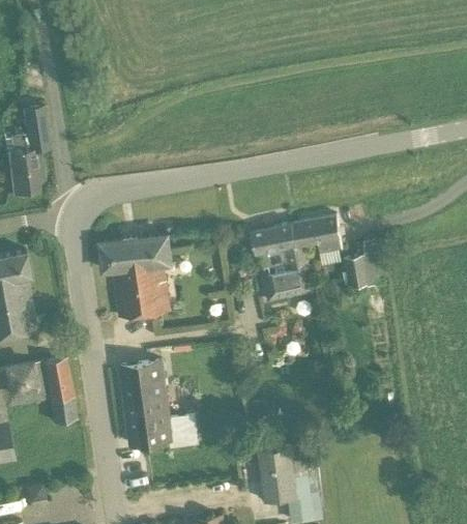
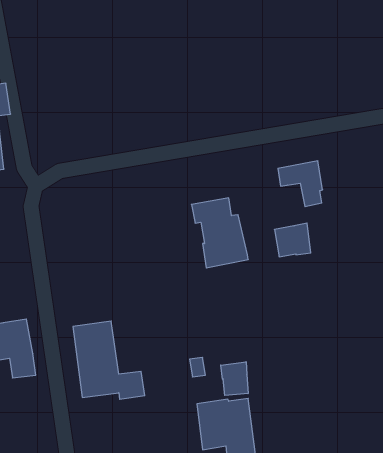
building: [291,215,341,266] -> [278,161,323,207]
building: [98,233,171,318] -> none
building: none -> [221,362,248,395]

